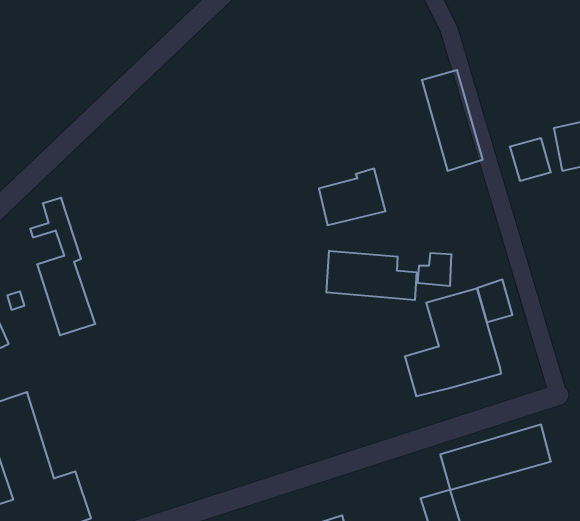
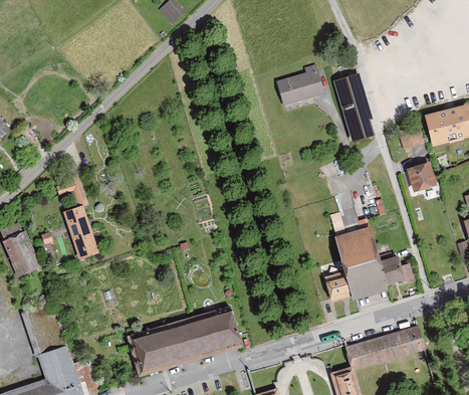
building: [319,169,386,225] -> [276,64,323,105]
building: none -> [407,163,437,193]
building: [327,251,417,300] -> none
building: [477,280,512,322] -> [381,253,406,283]
building: none -> [128,310,242,376]

